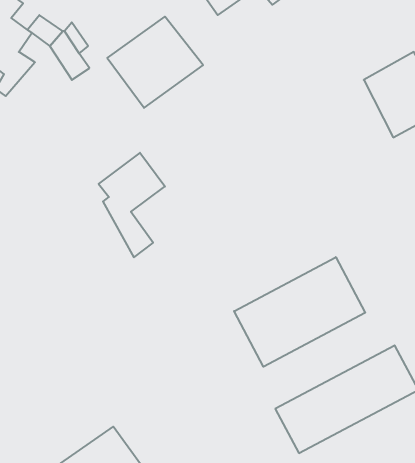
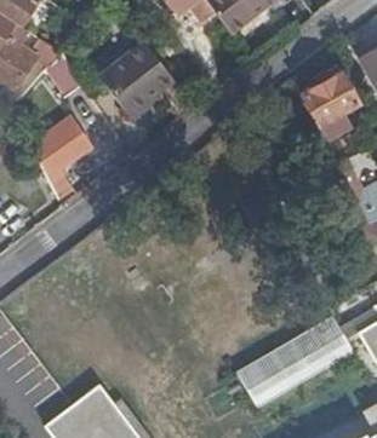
building: [99,153,165,257] -> [34,123,88,209]
building: [234,257,365,367] -> none

